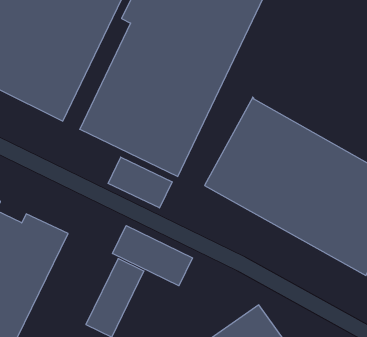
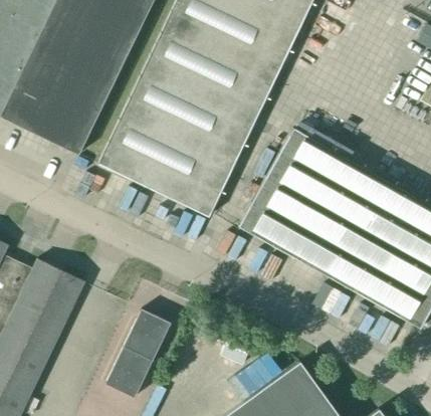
building: [108,157,172,208] -> none
building: [113,226,193,286] -> none

